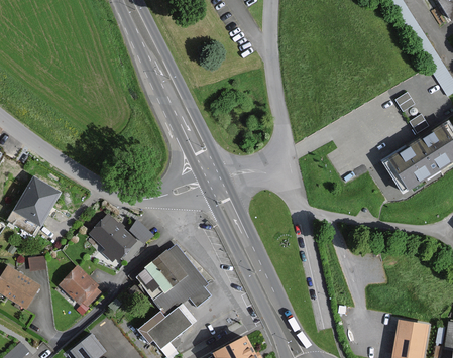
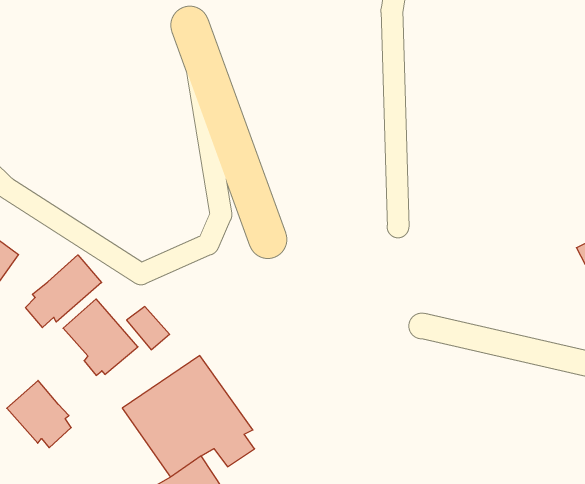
building: none -> [26,255,102,328]

